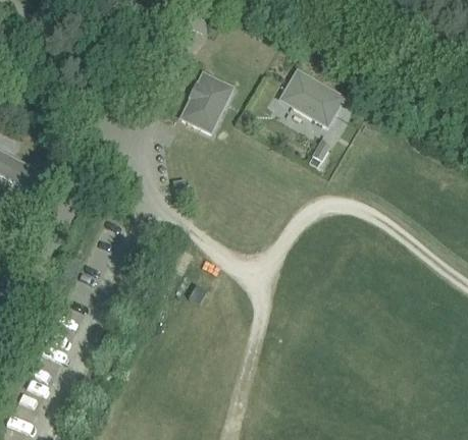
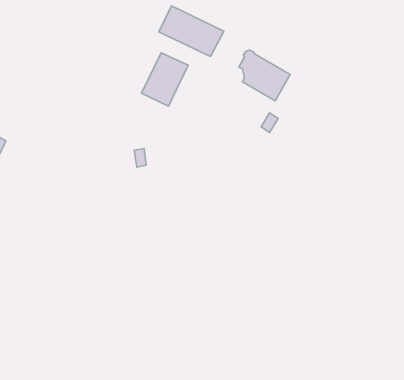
building: none -> [159,6,224,56]

